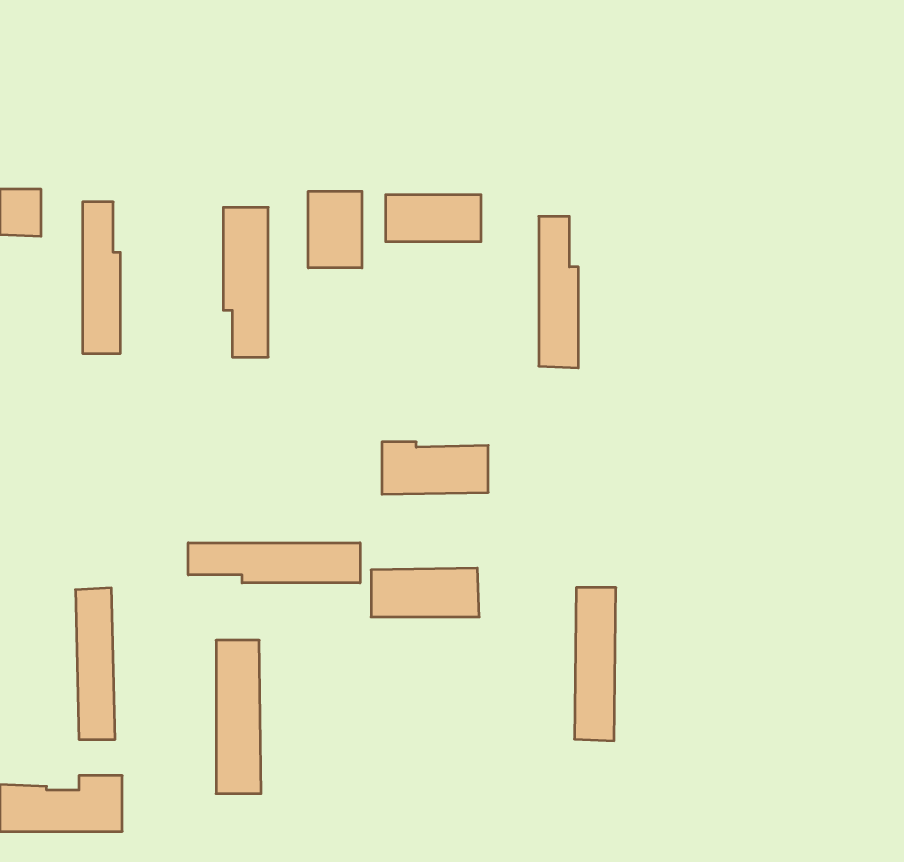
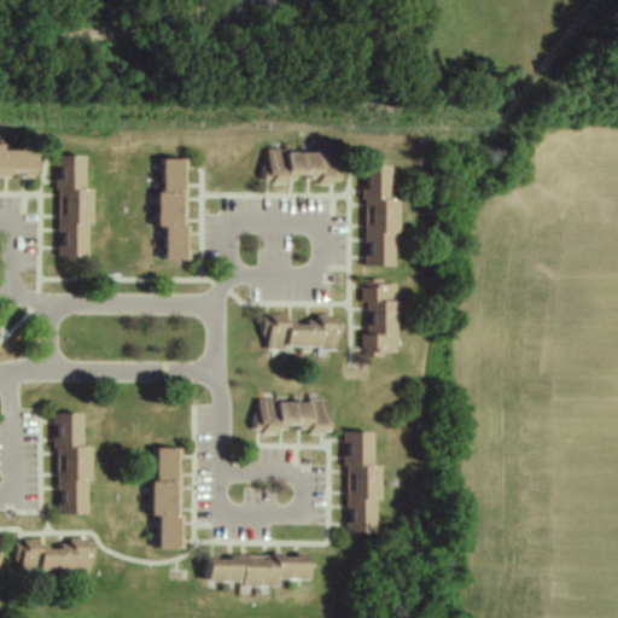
building: [308,191,362,268] -> none
building: none -> [368,282,397,355]
building: [188,543,360,583] -> none
building: [574,588,616,741] -> [349,431,377,534]
building: none -> [204,554,307,585]

